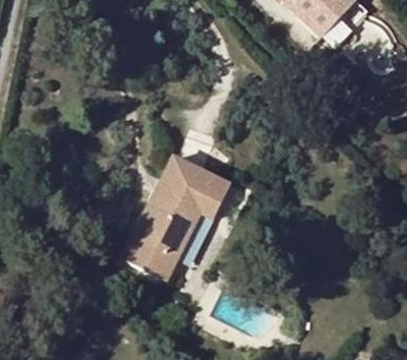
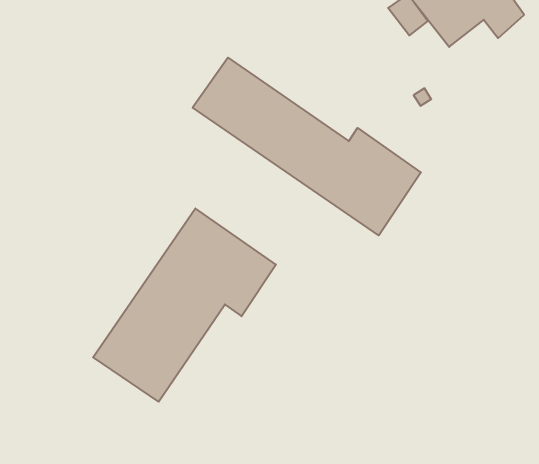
building: none -> [193,58,421,235]

